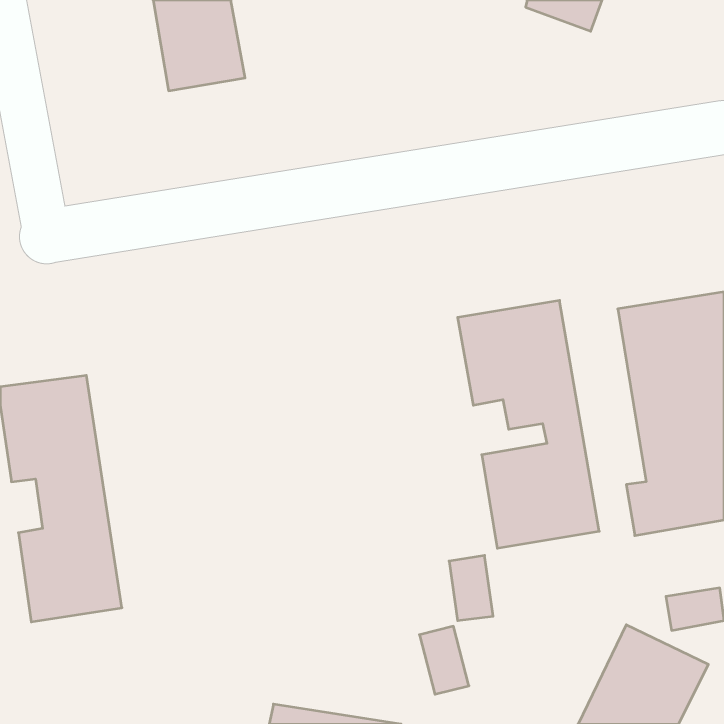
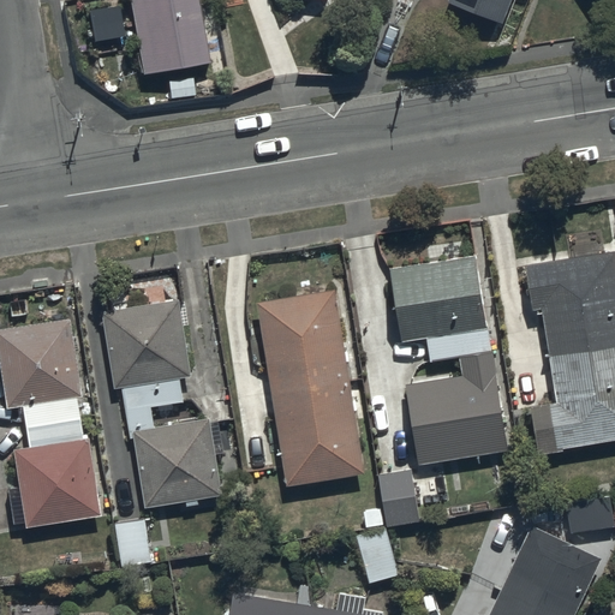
building: none -> [256,292,362,490]
building: none -> [109,298,227,508]

